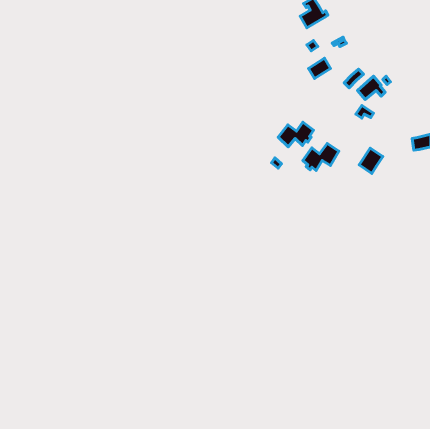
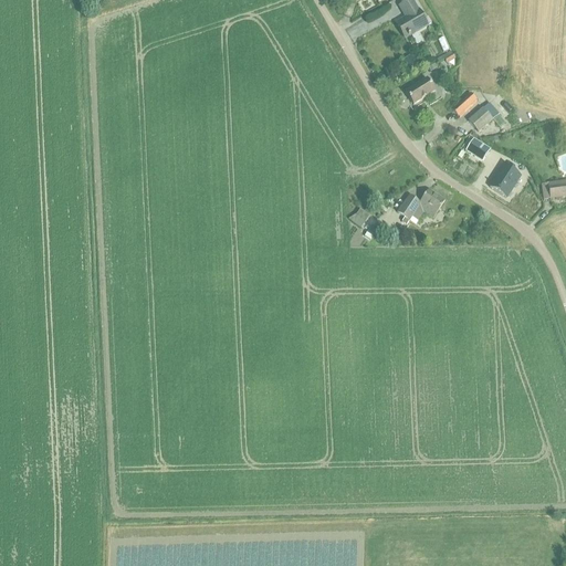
building: [278,122,313,147] -> none
building: [359,148,383,173] -> [491,163,522,196]

